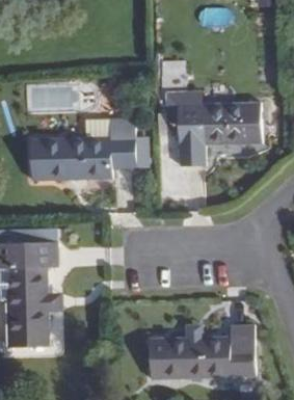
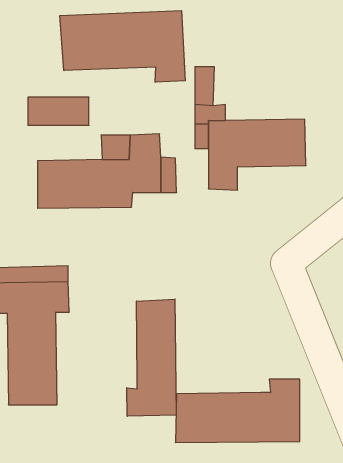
building: none -> [60,11,185,82]
building: none -> [127,299,176,416]

